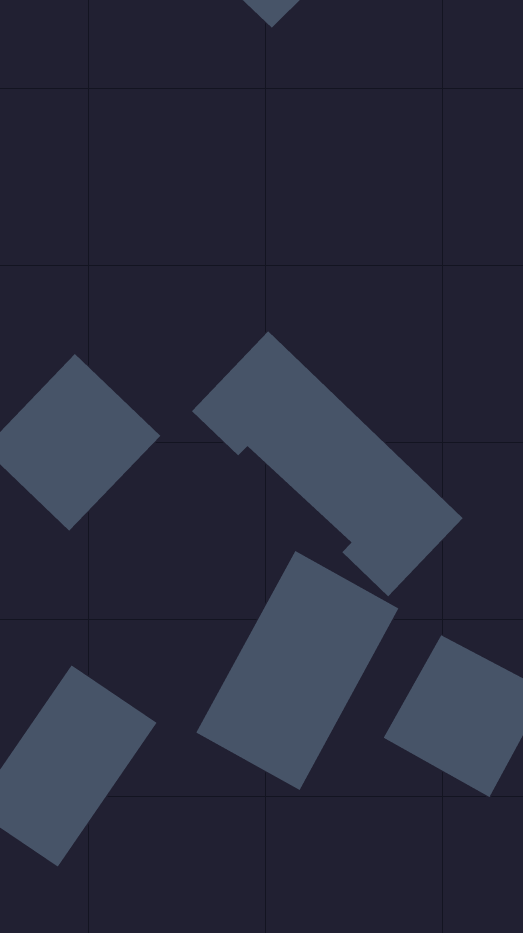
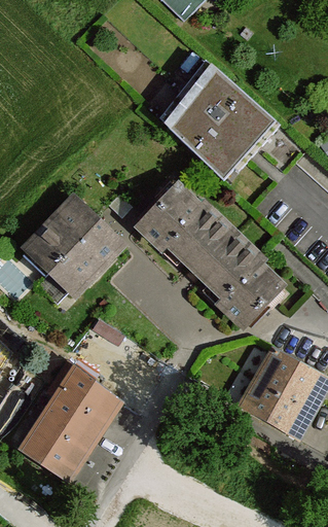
building: none -> [165,64,277,179]
building: [196,550,399,791] -> none

